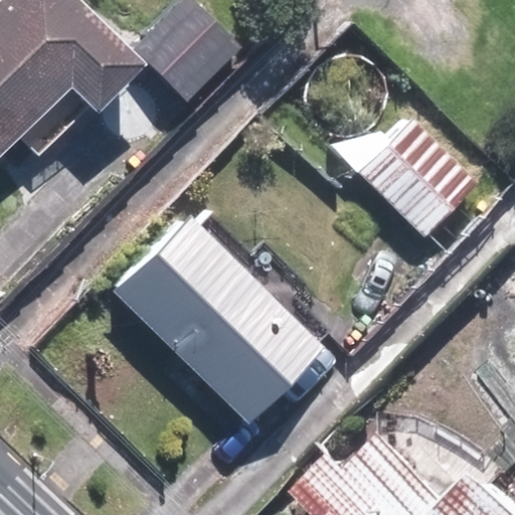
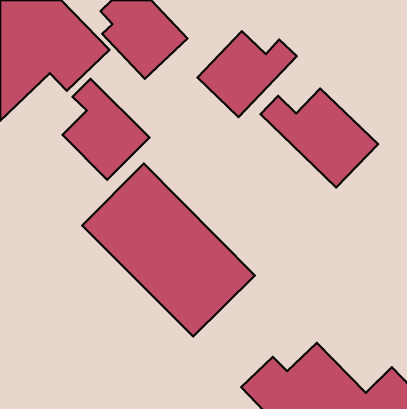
building: none -> [197,31,297,117]
building: none -> [62,79,149,180]

